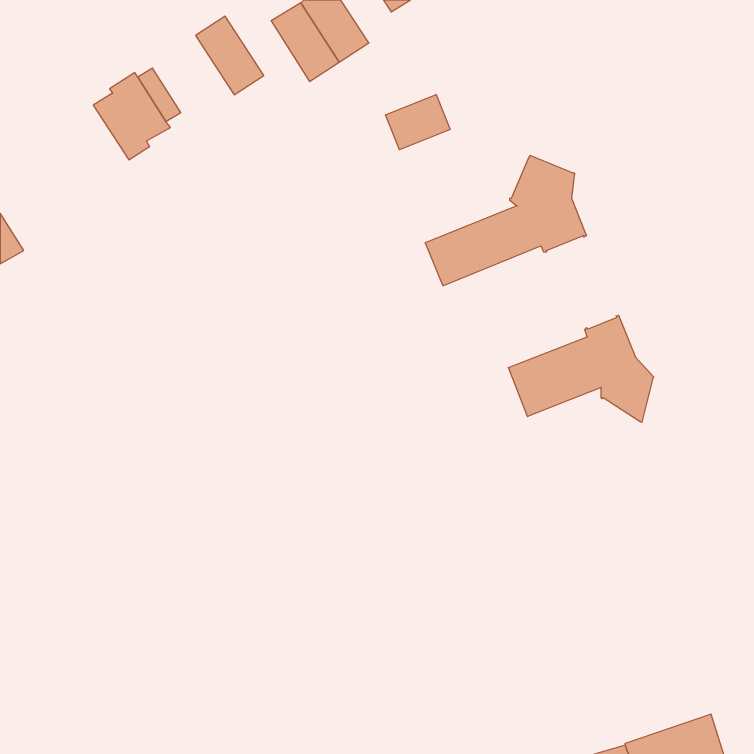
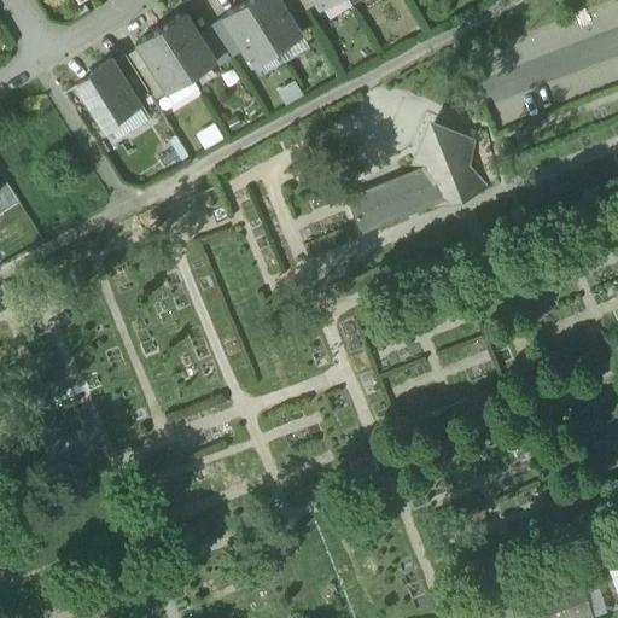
building: none -> [138,31,193,95]
building: [386,94,450,150] -> none
building: [508,315,654,422] -> none

